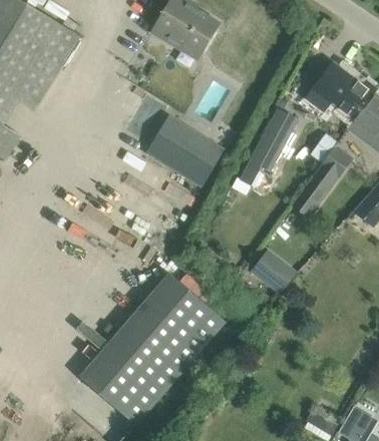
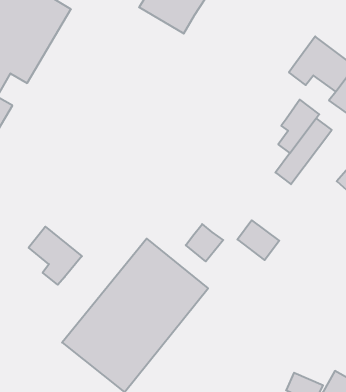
building: [239,108,298,185] -> none
building: [141,112,224,186] -> none
building: none -> [186,224,223,261]
building: none -> [29,227,82,285]

